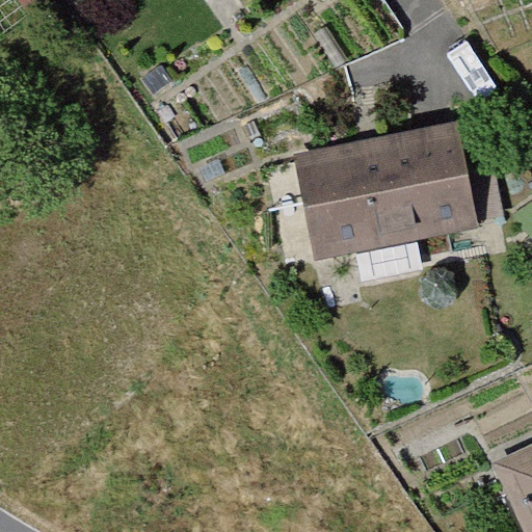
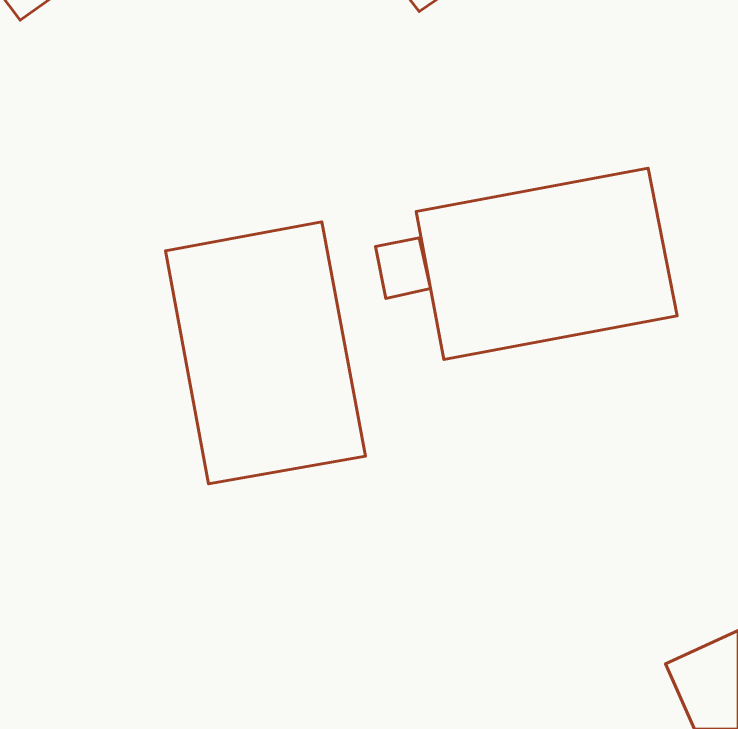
building: none -> [165,222,366,484]

